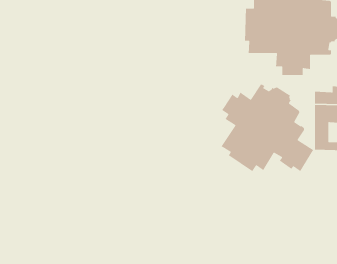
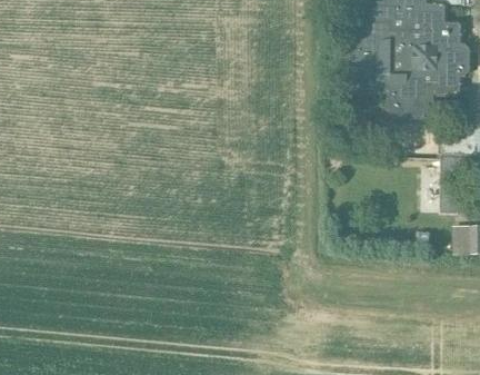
building: [221,84,314,172] -> none

